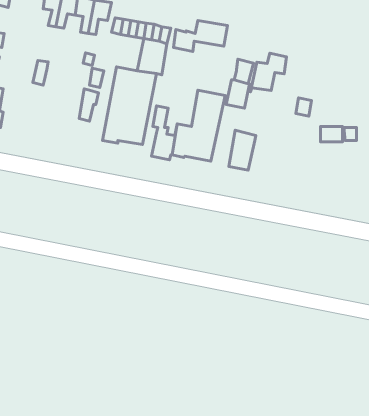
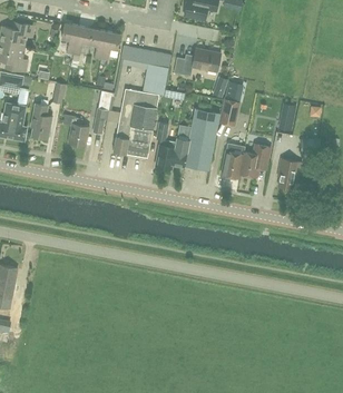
building: [250,53,287,92] -> [238,144,270,177]
building: none -> [30,102,51,138]
building: none -> [62,114,89,146]
building: none -> [277,158,303,189]

